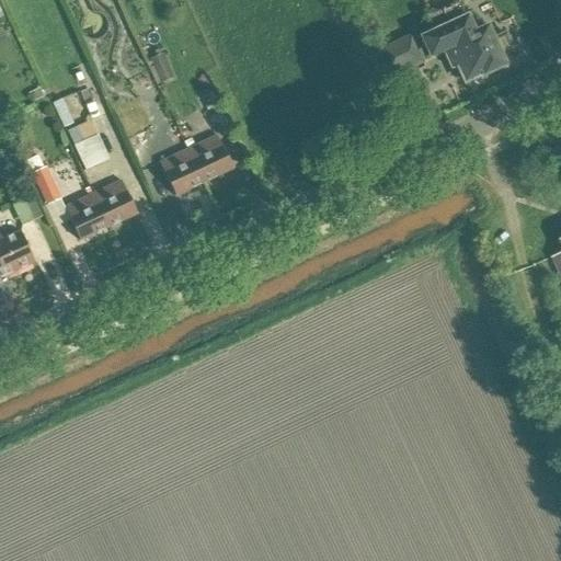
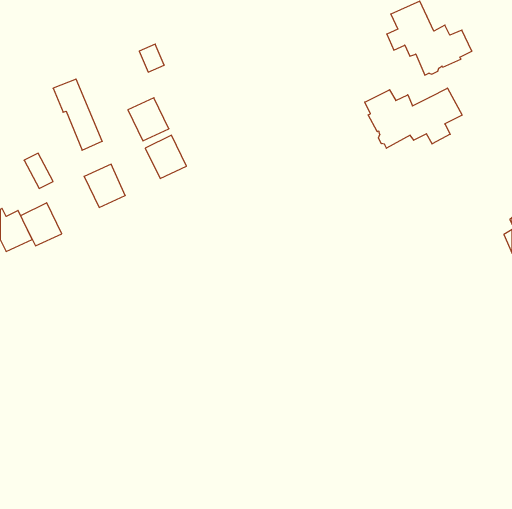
building: [378,36,421,76] -> none
building: none -> [365,88,462,148]
building: [187,135,232,182] -> [128,98,169,141]
building: [64,193,108,240] -> [21,203,62,246]

